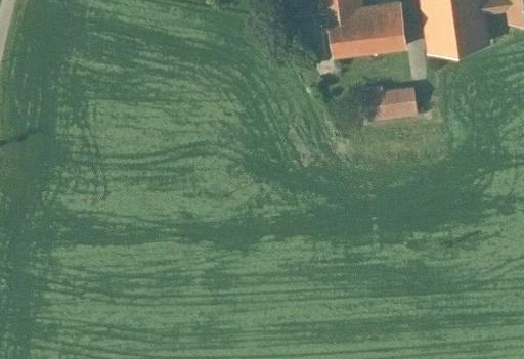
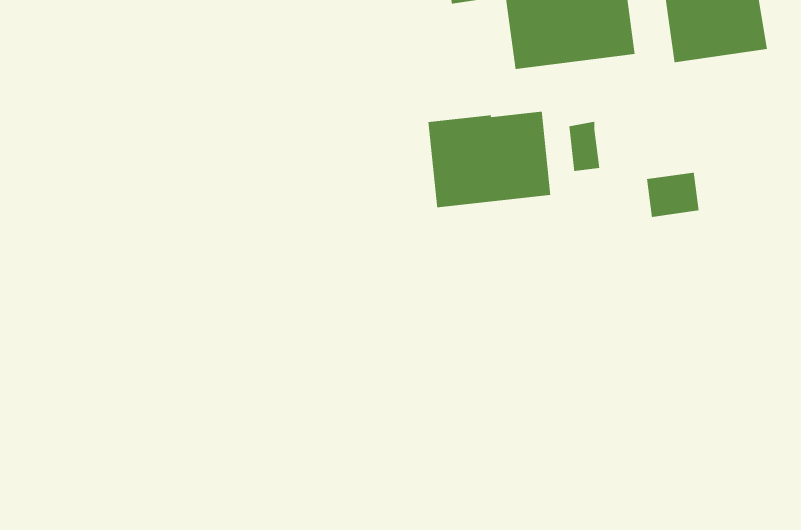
building: none -> [428,111,551,208]
building: [383,91,416,119] -> [646,172,700,217]

